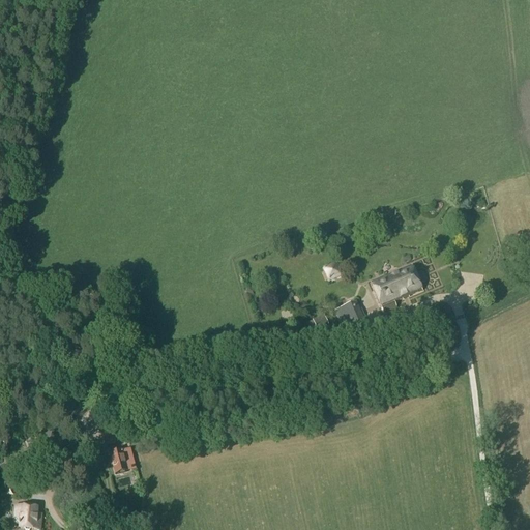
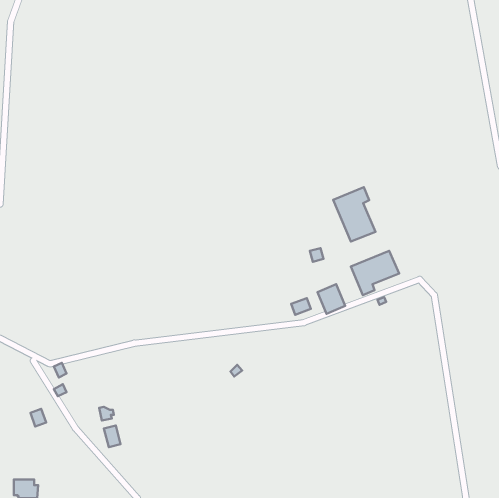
building: none -> [333,187,375,242]

